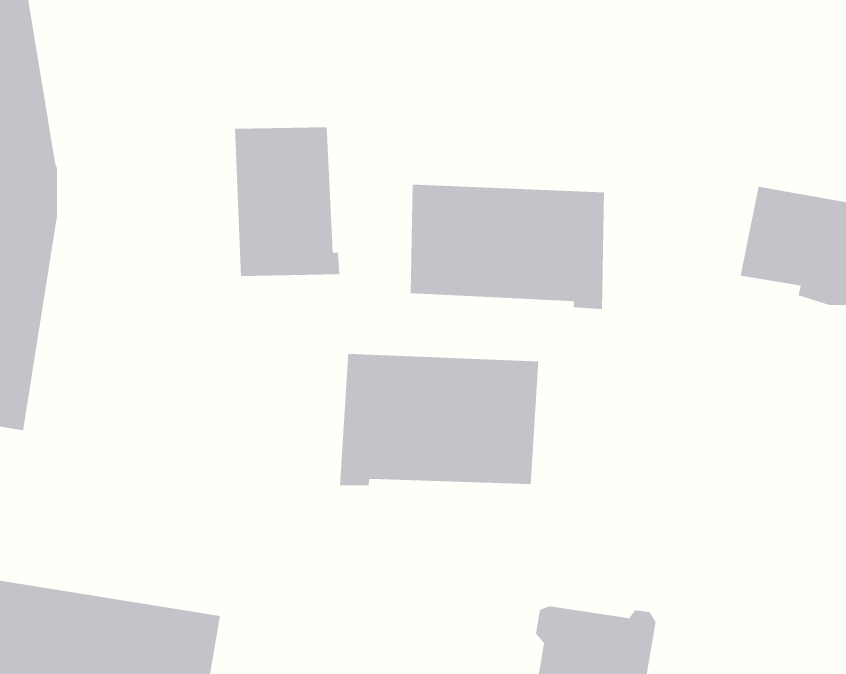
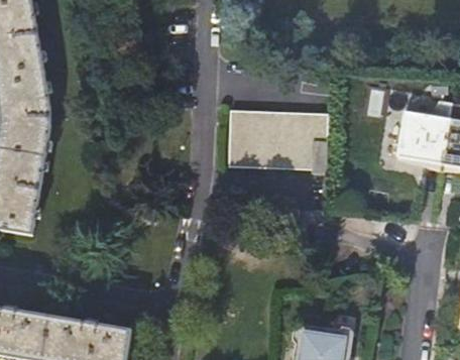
building: [234,126,340,277] -> none
building: [339,353,539,486] -> none

